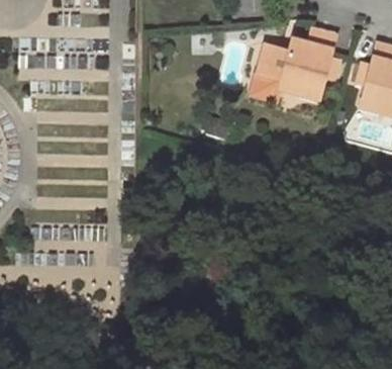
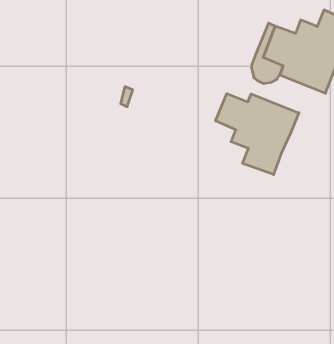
building: none -> [216,94,299,175]

